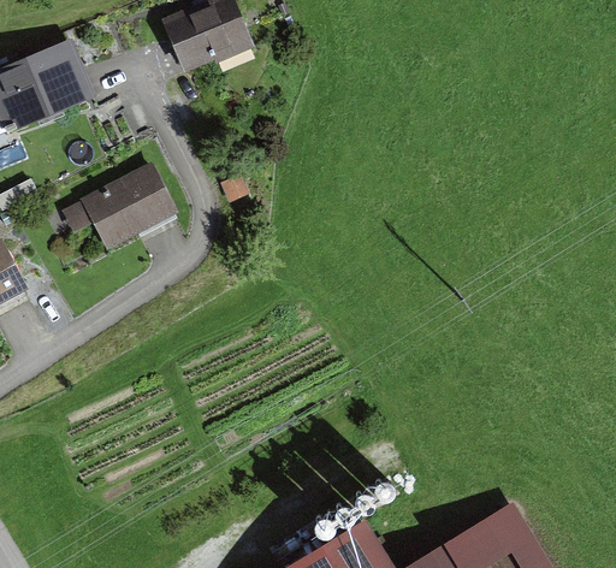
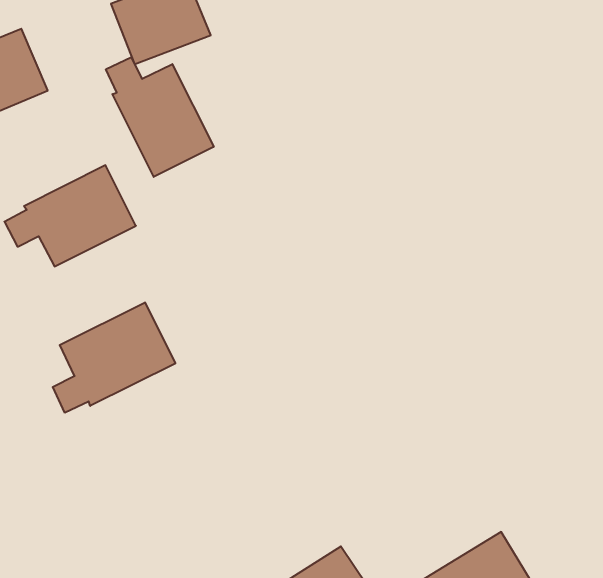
building: none -> [106,57,214,177]
building: none -> [53,302,175,413]

